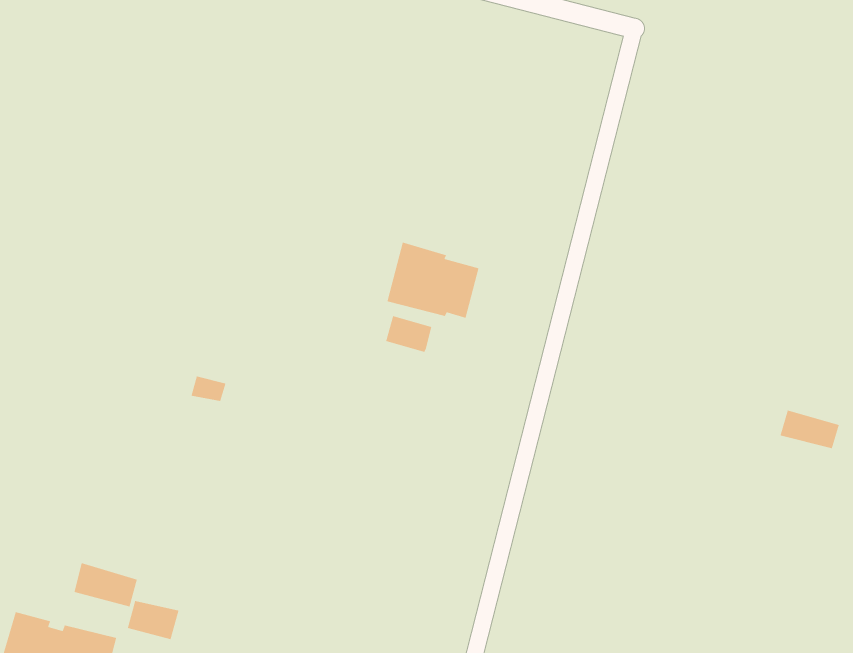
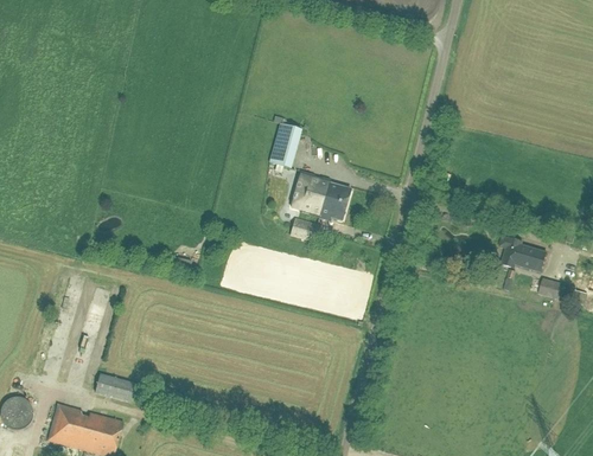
building: none -> [268,122,302,168]
building: none -> [499,236,547,268]
building: [127,600,179,640] -> none

